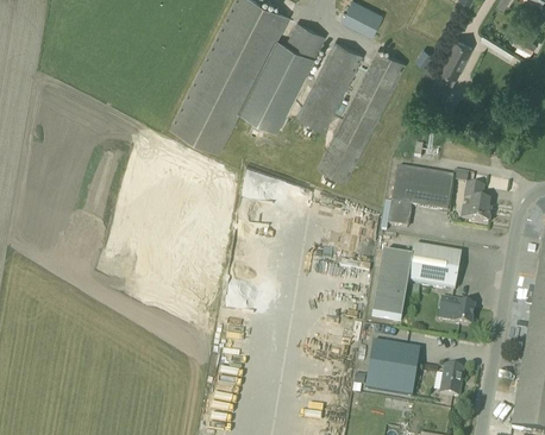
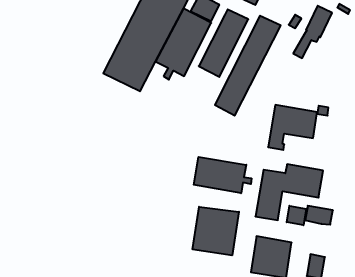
building: [465,182,491,220] -> none
building: none -> [194,157,251,193]
building: none -> [287,206,306,225]
building: none -> [193,207,239,255]

